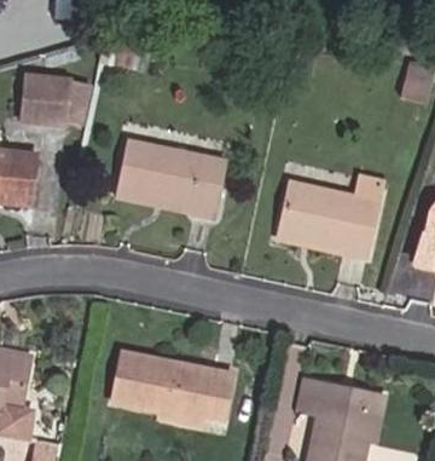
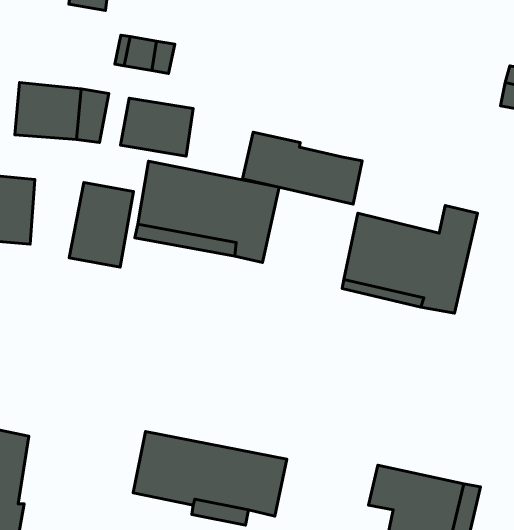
building: none -> [120,98,193,156]
building: none -> [243,132,362,204]
building: none -> [69,183,134,267]

